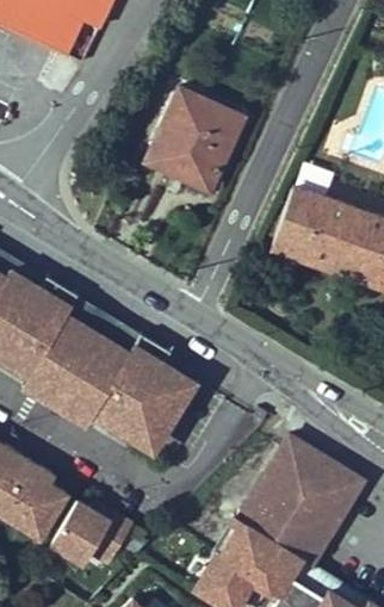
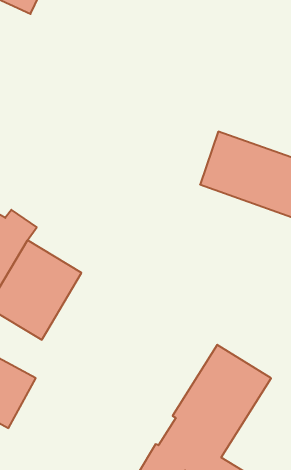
building: [149,91,243,191] -> none
building: [91,336,198,462] -> none
building: [49,489,134,568] -> none

